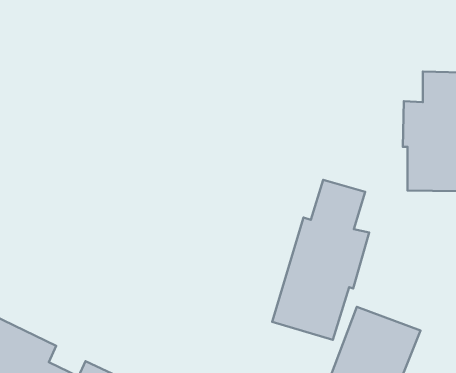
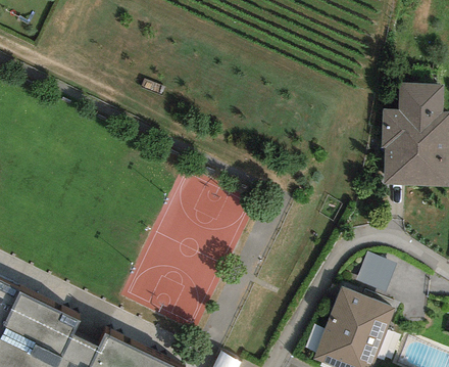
building: [272,180,369,340] -> none
building: none -> [358,246,397,286]

